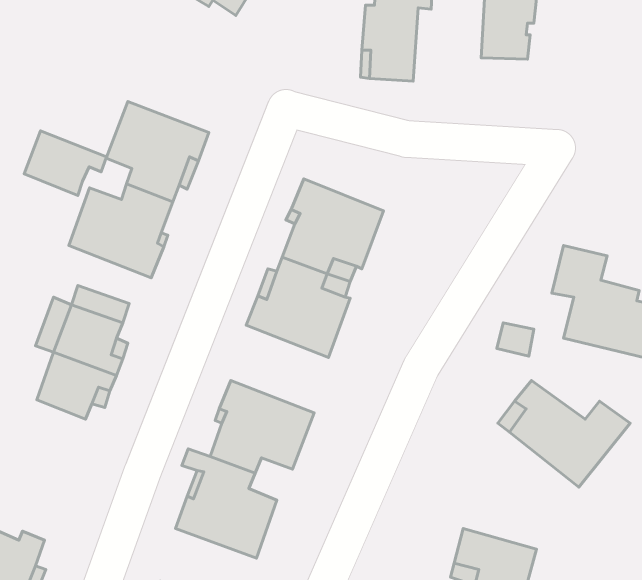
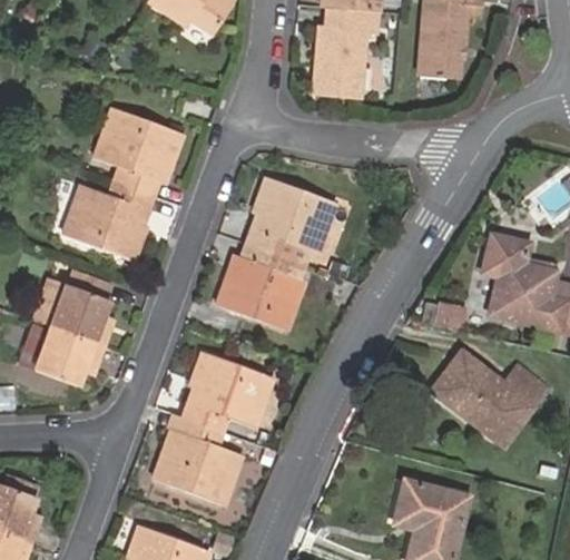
building: [24,131,107,196] -> none

